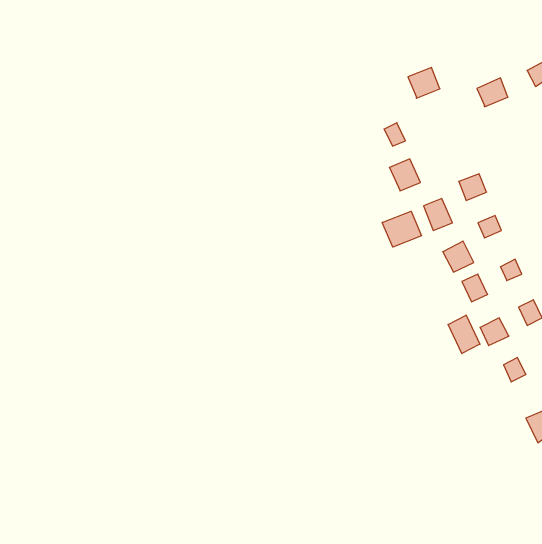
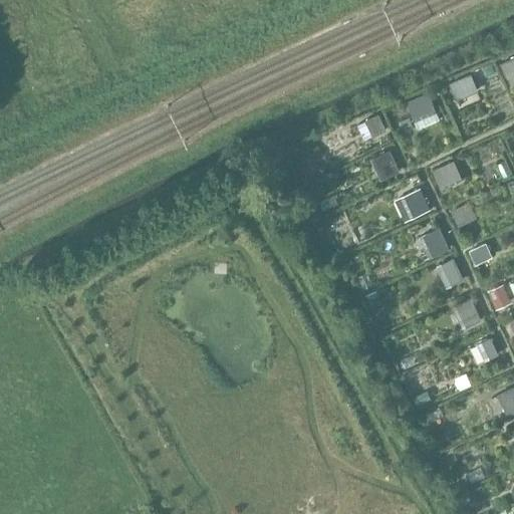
building: [408,67,440,98] -> [409,93,439,122]
building: [382,211,422,247] -> none
building: [448,315,480,354] -> none

